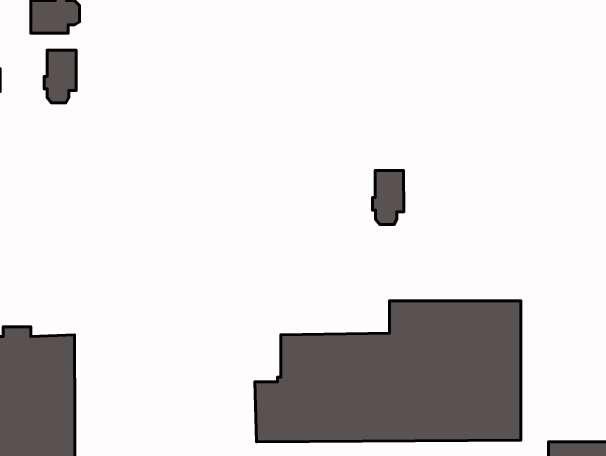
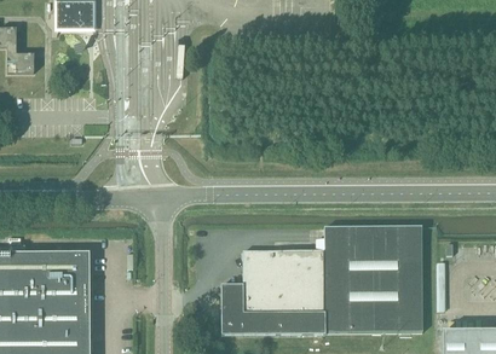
building: [44,50,76,103] -> none
building: [372,170,404,224] -> none

